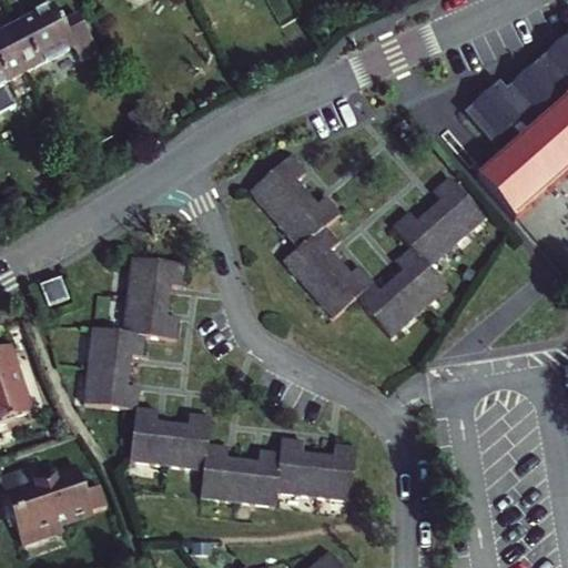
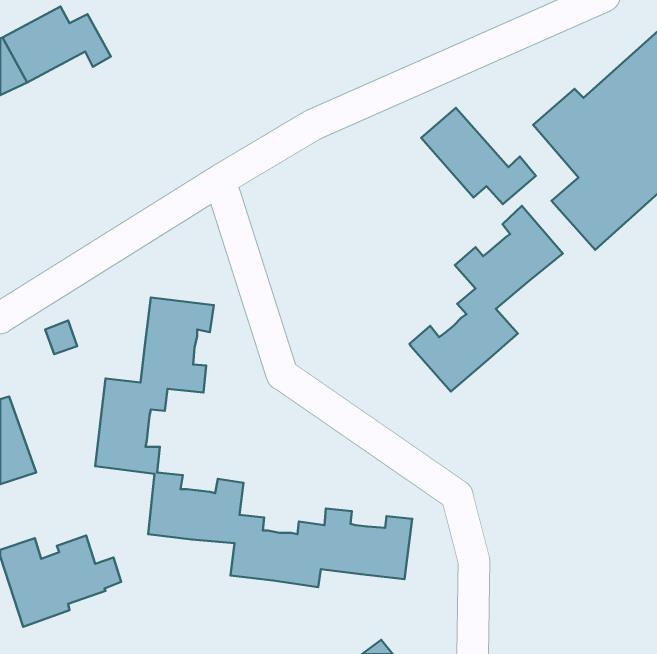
building: none -> [421,108,536,204]
building: [248,155,372,317] -> none

